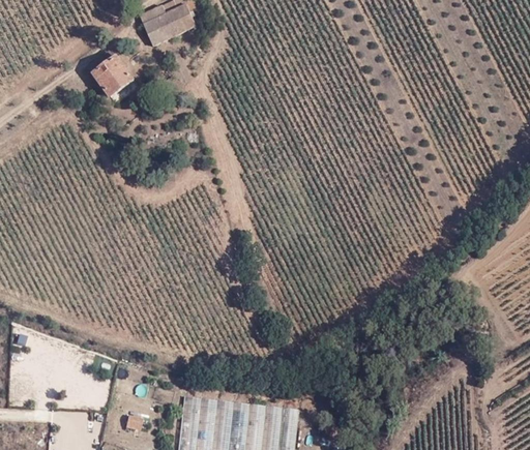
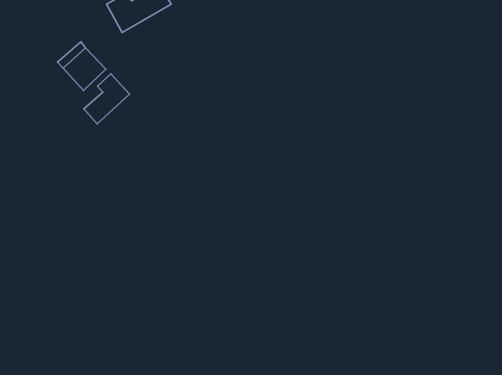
building: none -> [84,74,130,124]

